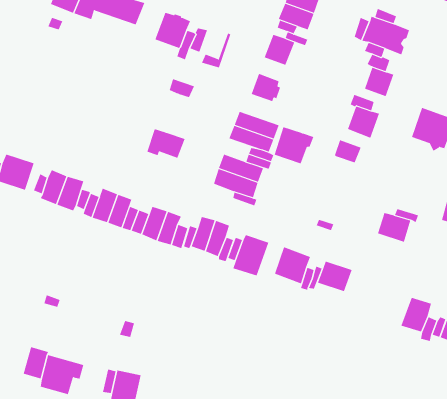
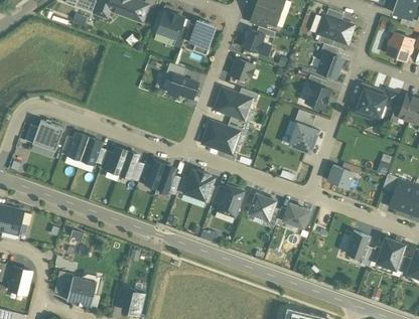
building: none -> [191,19,214,47]
building: [274,126,314,164] -> [289,123,320,152]
building: [146,128,186,158] -> [168,74,198,98]

